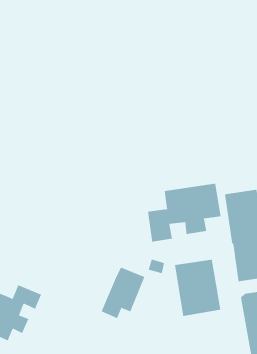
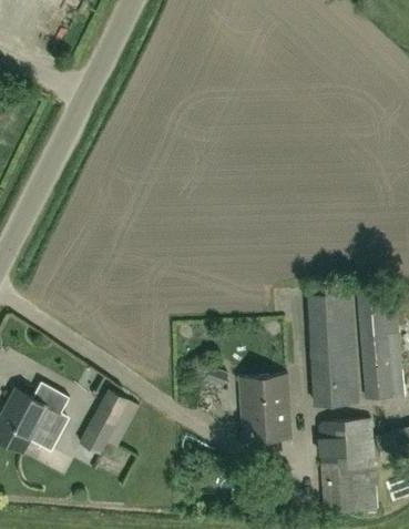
building: [148,183,221,243] -> none
building: [101,267,145,319] -> [79,390,139,455]

